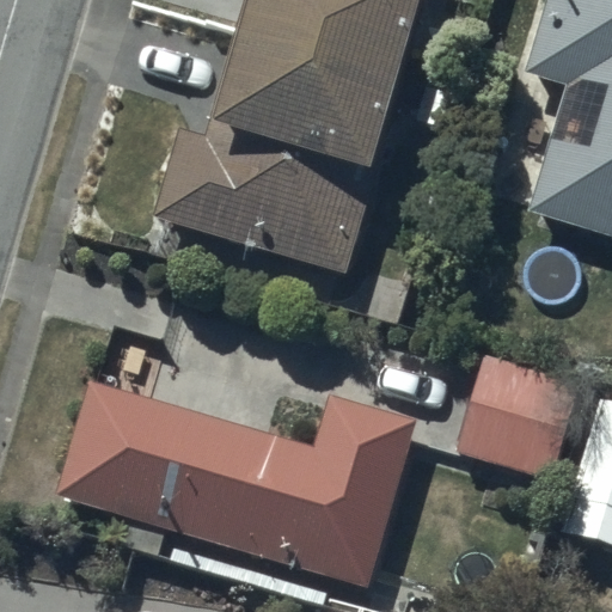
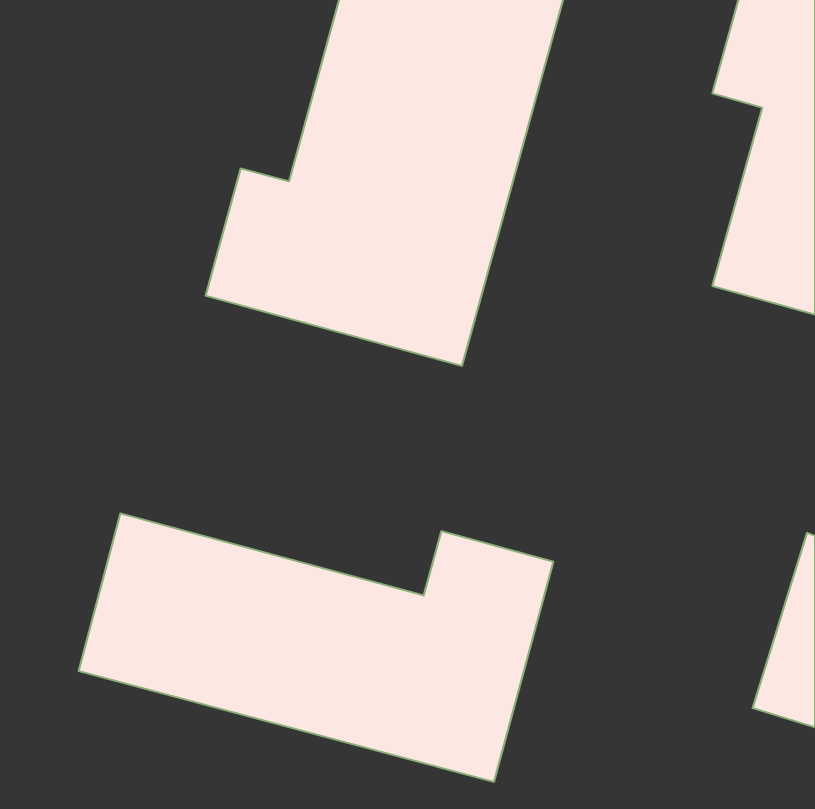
building: [459,355,580,479] -> none

